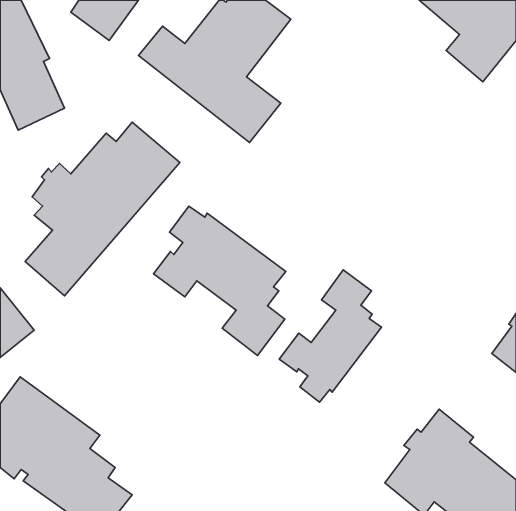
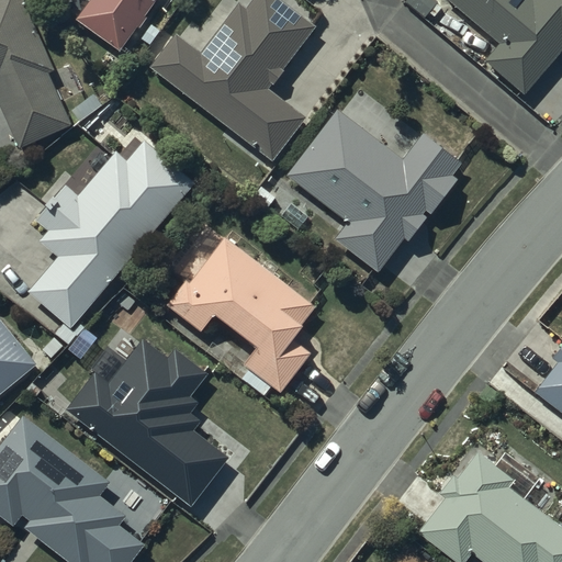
building: none -> [288,110,461,271]
building: [279,270,381,402] -> none
building: none -> [68,339,229,506]

